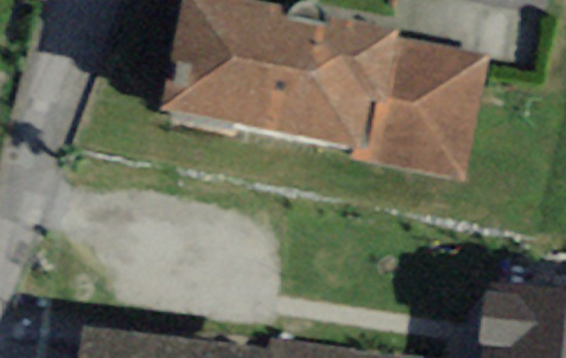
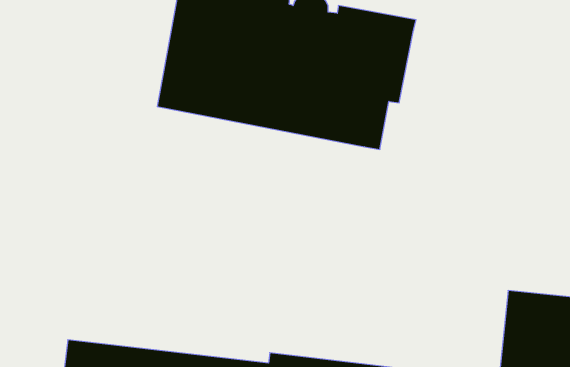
building: [350,39,489,181] -> none

